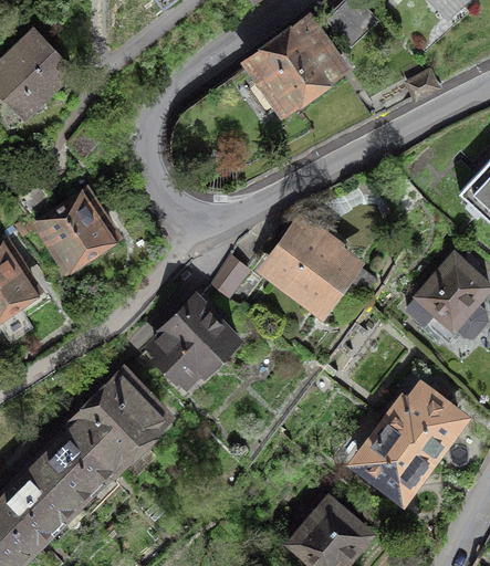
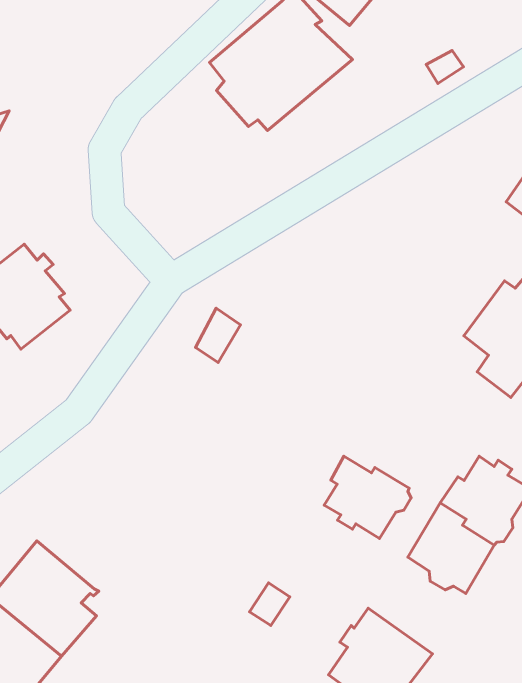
building: [272,224,350,302] -> none
building: [155,296,234,384] -> none
building: [74,374,168,462] -> none
building: none -> [324,456,411,539]

